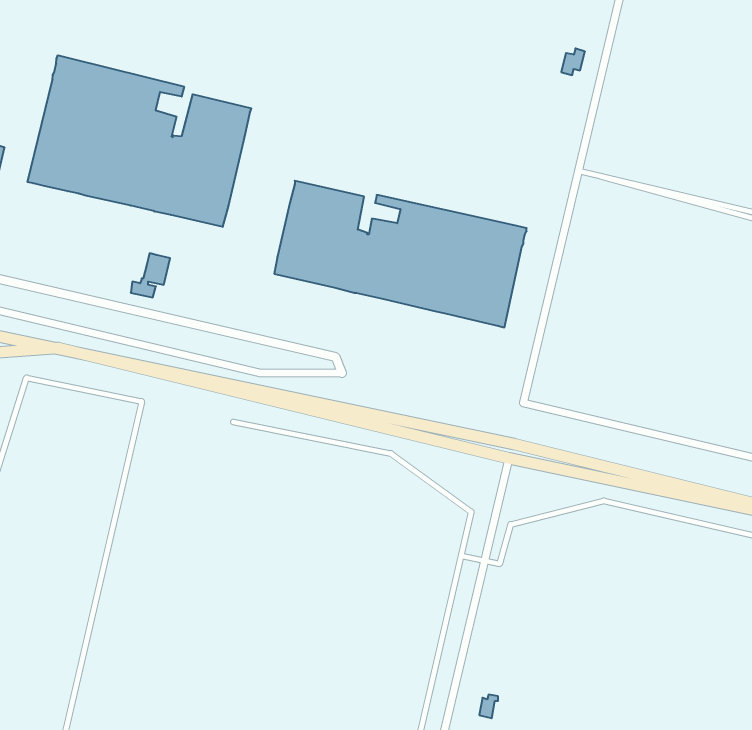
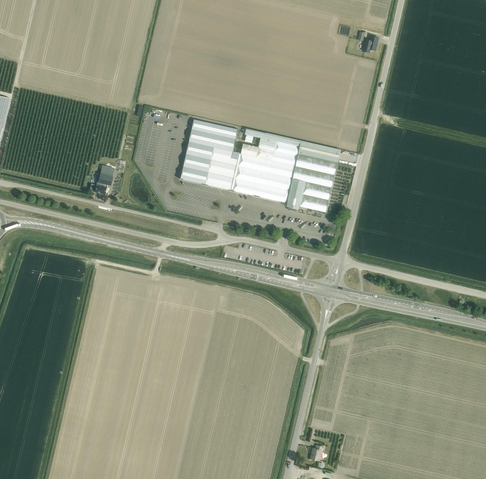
building: [28,55,251,227] -> none

